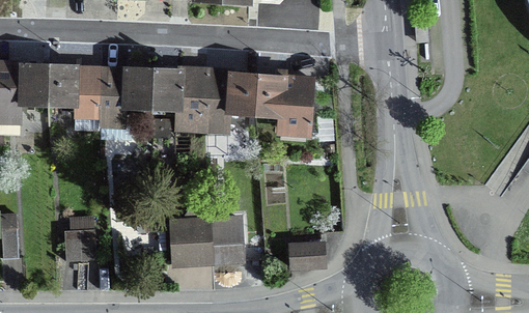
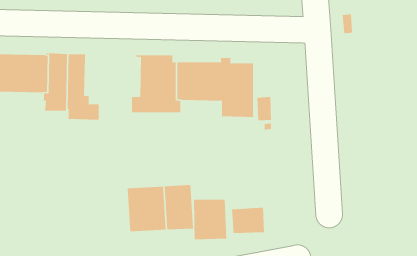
building: [121,68,185,114] -> none
building: [64,216,96,262] -> none
building: none -> [193,199,227,240]

